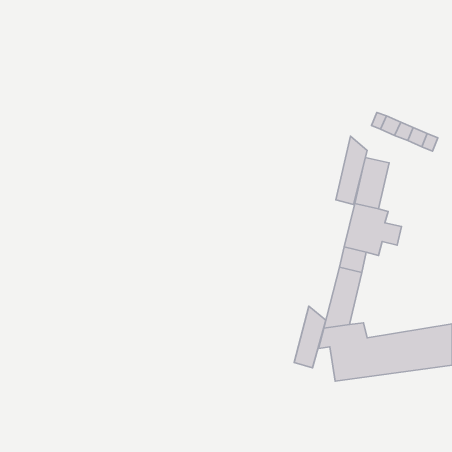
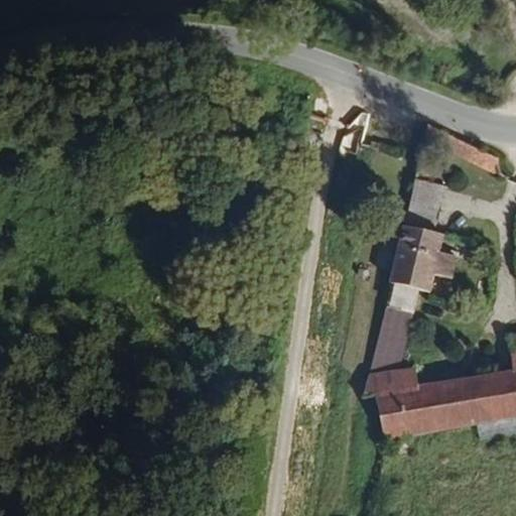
building: [336,136,367,205] -> none
building: [294,306,326,368] -> none

